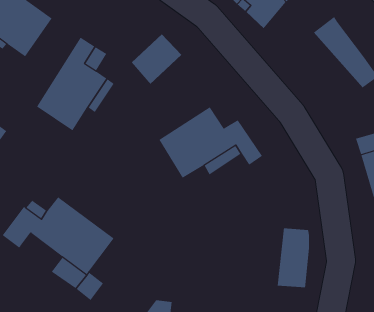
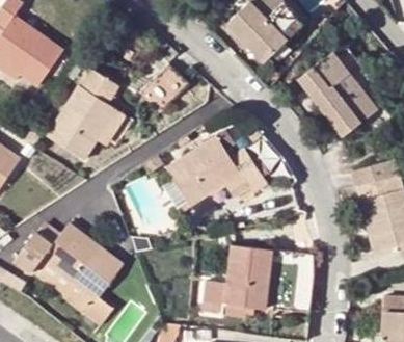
building: none -> [302,64,363,132]
building: none -> [203,246,273,317]

